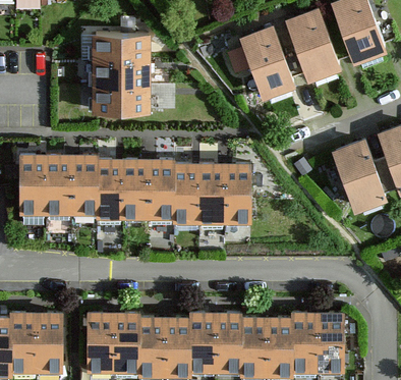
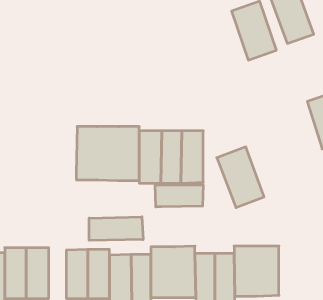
building: [239,26,293,98] -> none
building: [88,34,151,110] -> none
building: [330,138,388,212] -> [217,147,264,208]
building: [16,155,96,219] -> none
building: none -> [155,185,203,207]
building: none -> [89,217,143,240]

